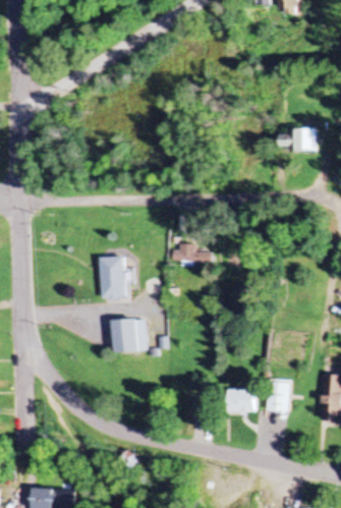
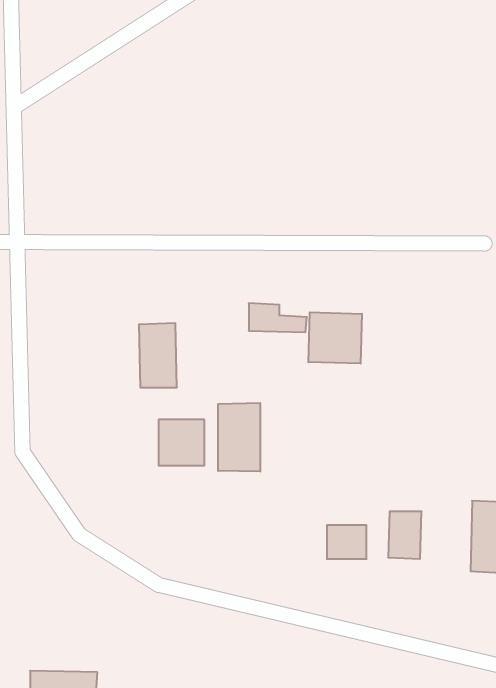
building: [282,127,316,151] -> none
building: none -> [308,312,362,364]
building: none -> [218,403,260,472]

